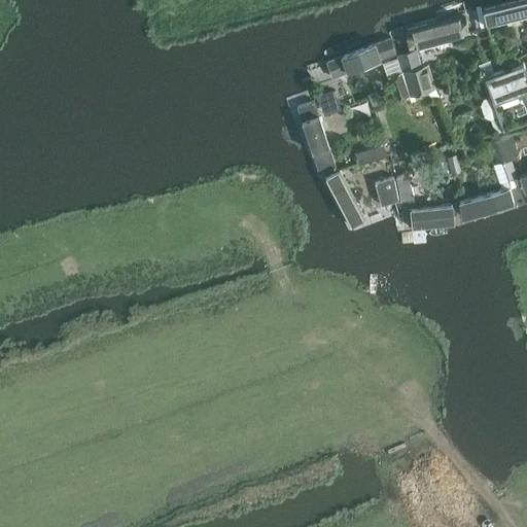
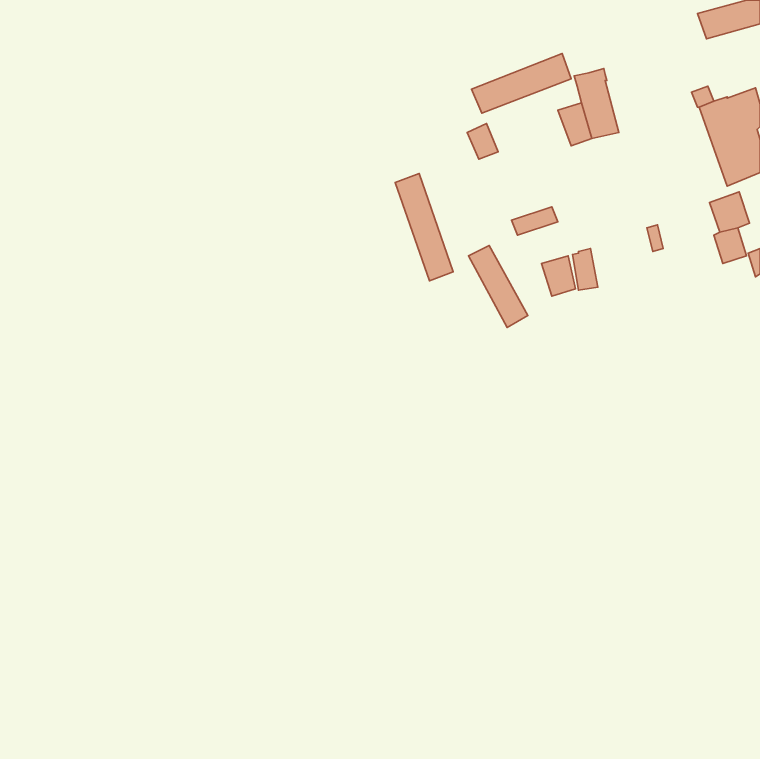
building: [402,14,471,52] -> none
building: [296,100,337,174] -> [395,174,453,281]
building: [459,187,515,219] -> none
building: [411,206,454,229] -> none

